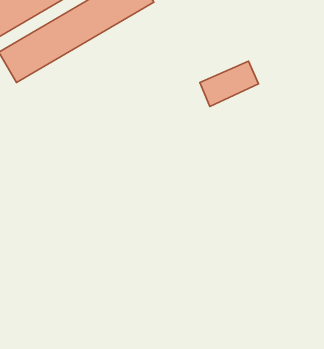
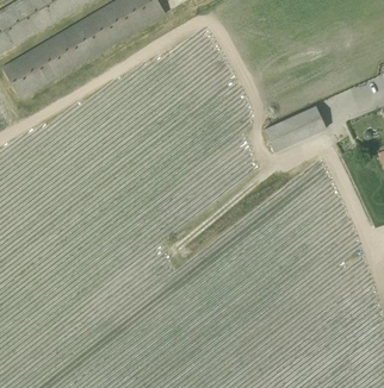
building: [200,61,259,106] -> [265,105,327,152]

